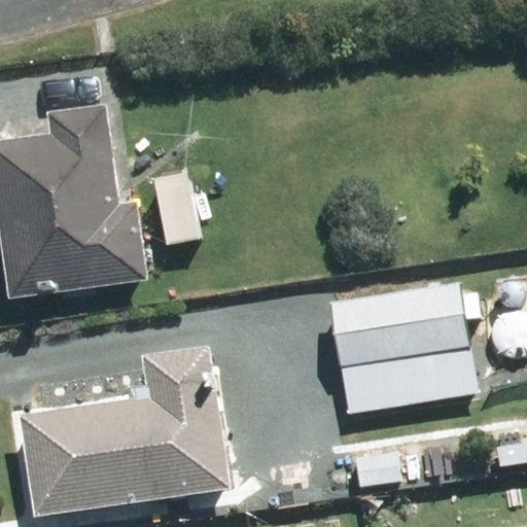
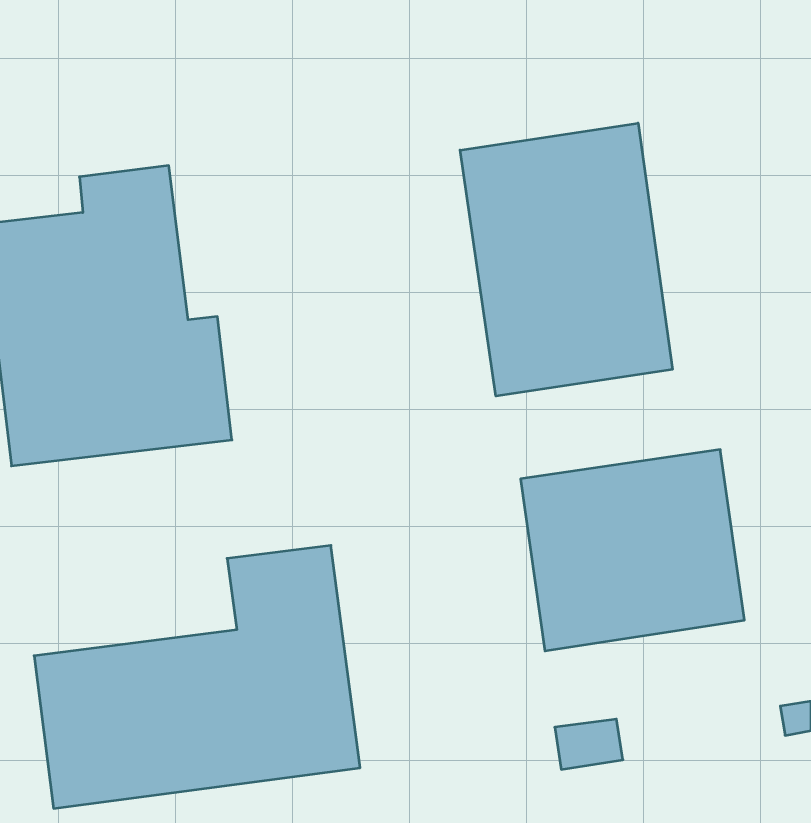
building: none -> [460,123,672,396]

